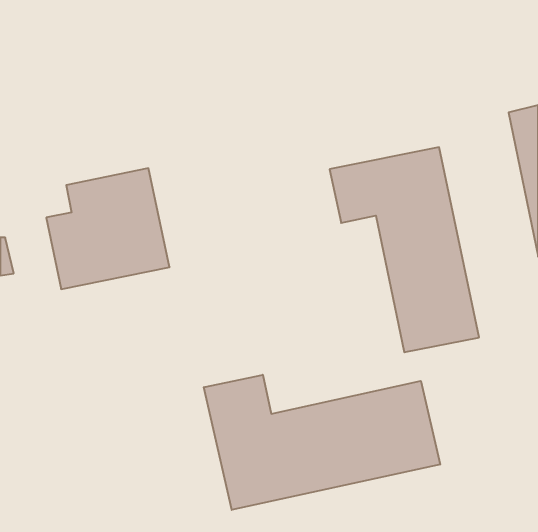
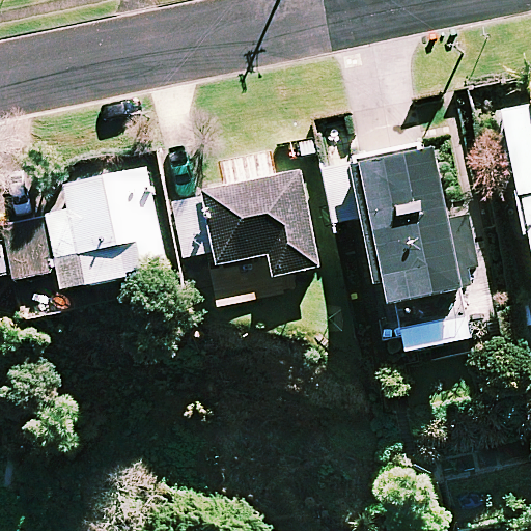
building: none -> [173,149,319,274]
building: [204,375,440,510] -> none

